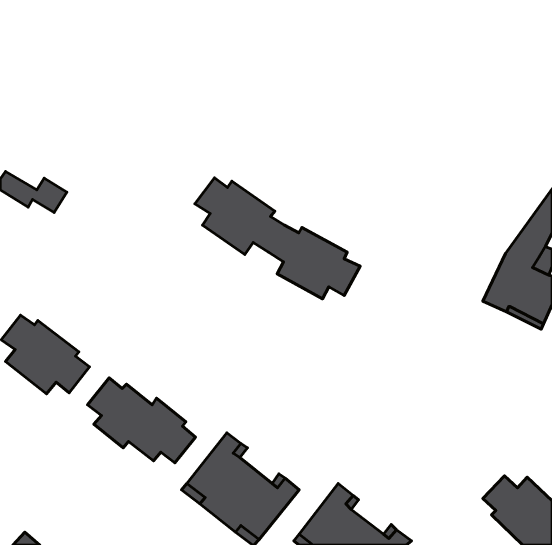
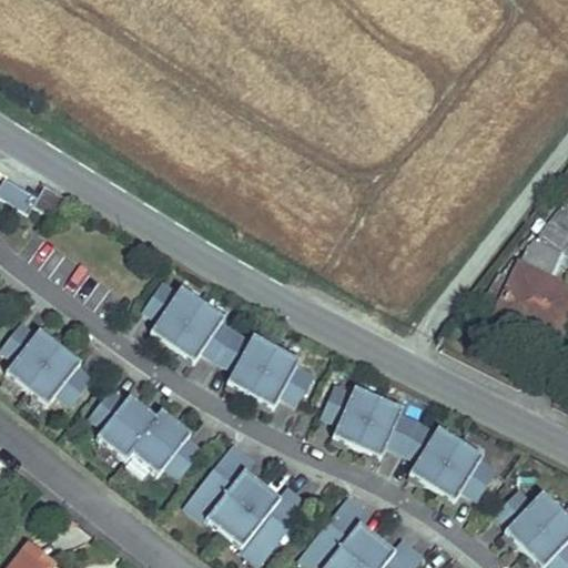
building: [195,178,360,299] -> [143,283,313,407]
building: none -> [322,385,495,500]

